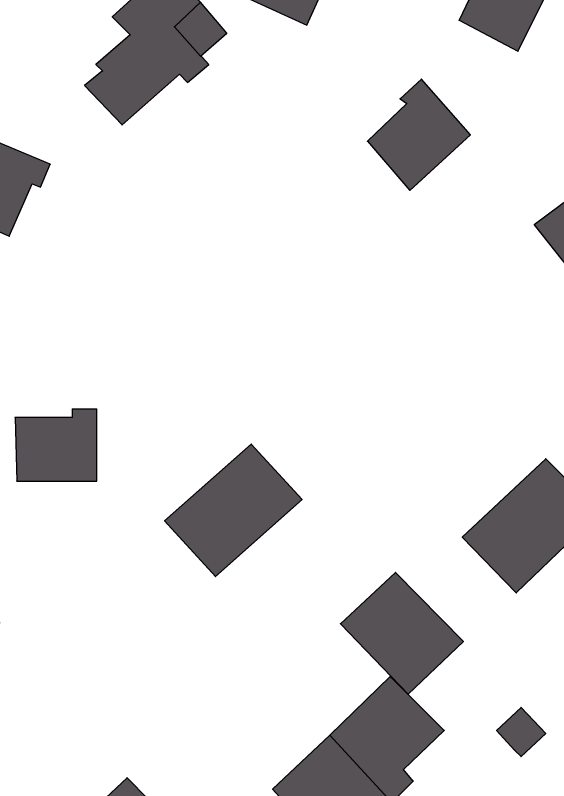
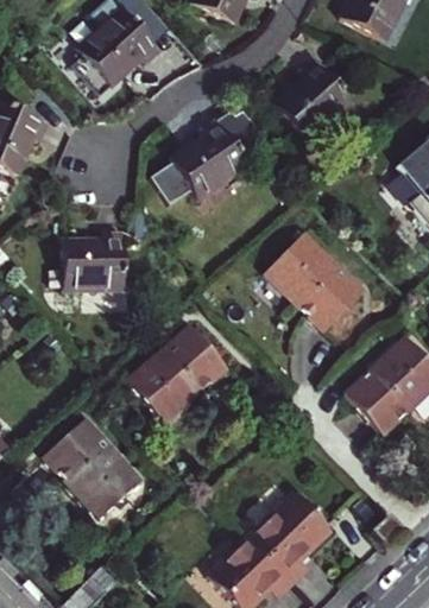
building: none -> [154,120,248,203]
building: none -> [266,232,365,329]
building: [15,409,97,481] -> [64,234,124,286]
building: none -> [45,417,144,517]
building: [340,572,463,694] -> none

